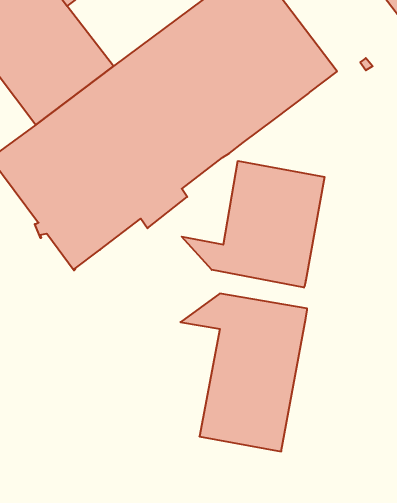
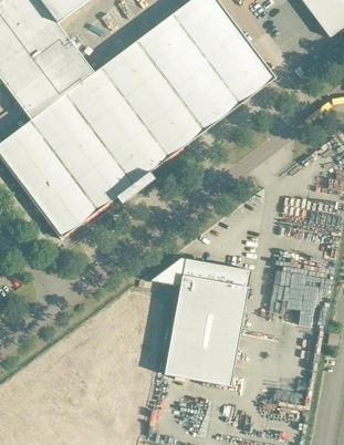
building: [182,161,325,288] -> none

